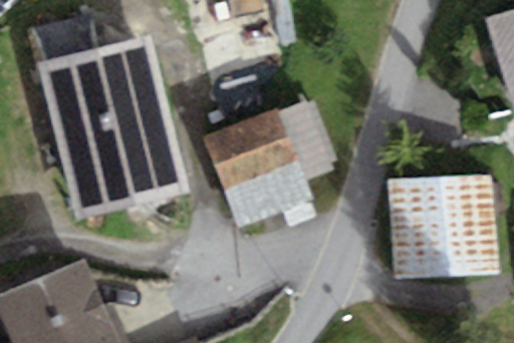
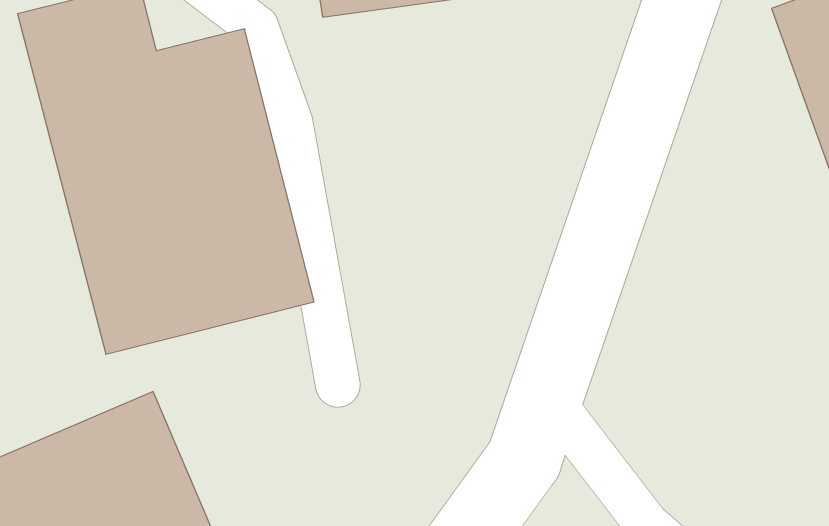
building: [206,105,326,224] -> none
building: [380,166,496,283] -> none

